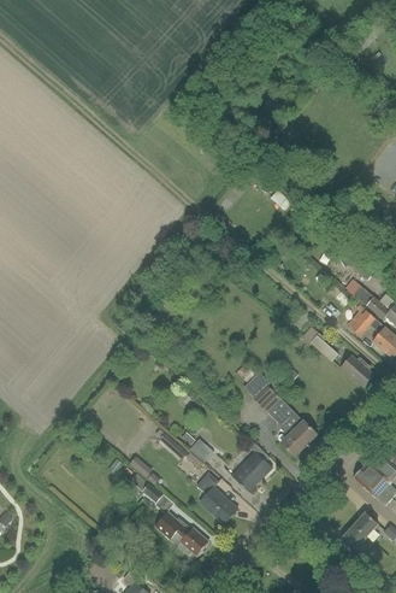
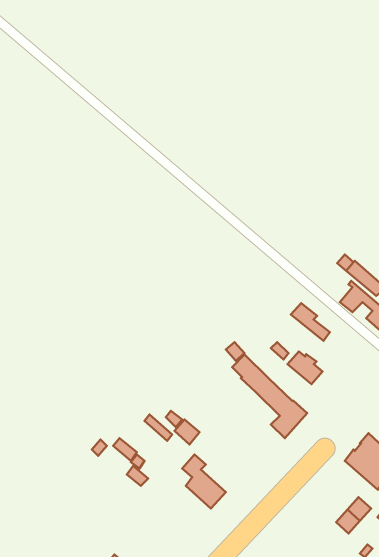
building: [342,354,376,386] -> [288,352,323,384]
building: [232,441,273,492] -> none
building: [155,511,208,554] -> none

